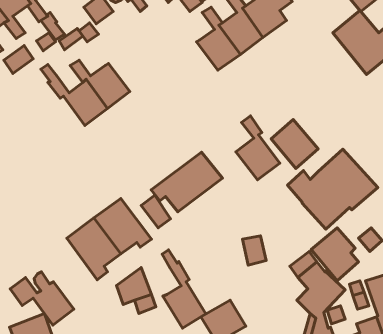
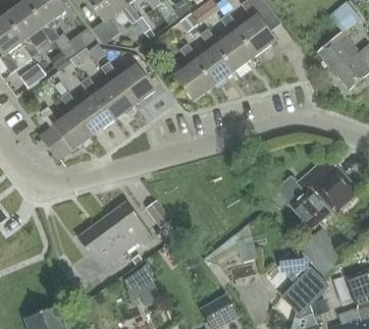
building: none -> [101,61,154,105]
building: none -> [39,106,93,161]
building: [236,116,280,180] -> [173,43,213,101]
building: [271,119,318,168] -> none
building: [151,152,223,212] -> none
building: [162,250,206,328] -> none
building: [10,272,74,325] -> none

